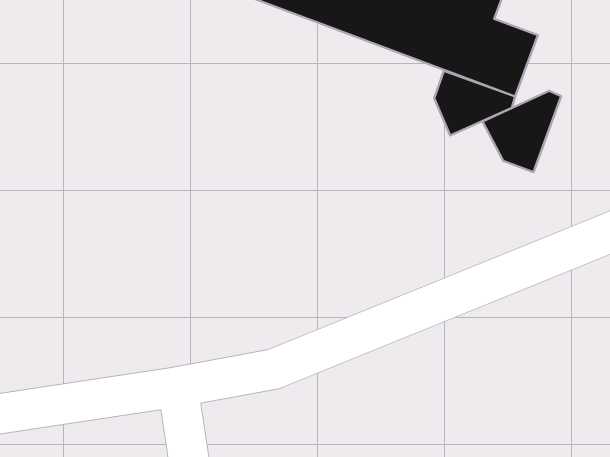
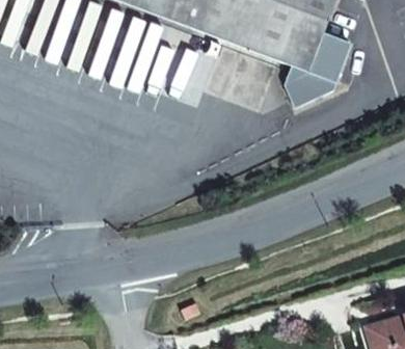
building: [483,91,561,172] -> none

